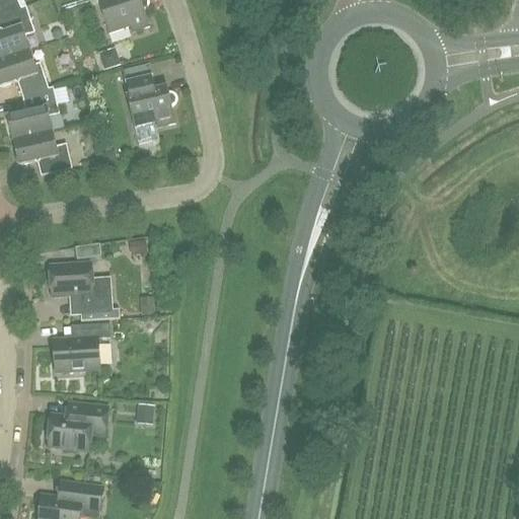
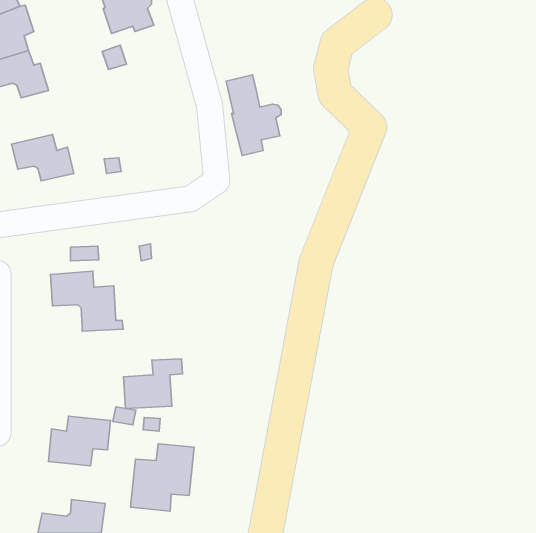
building: [122,63,174,141] -> [226,75,281,156]
building: [6,85,58,139] -> none
building: [52,322,108,370] -> [124,359,183,408]
building: none -> [131,444,194,511]

